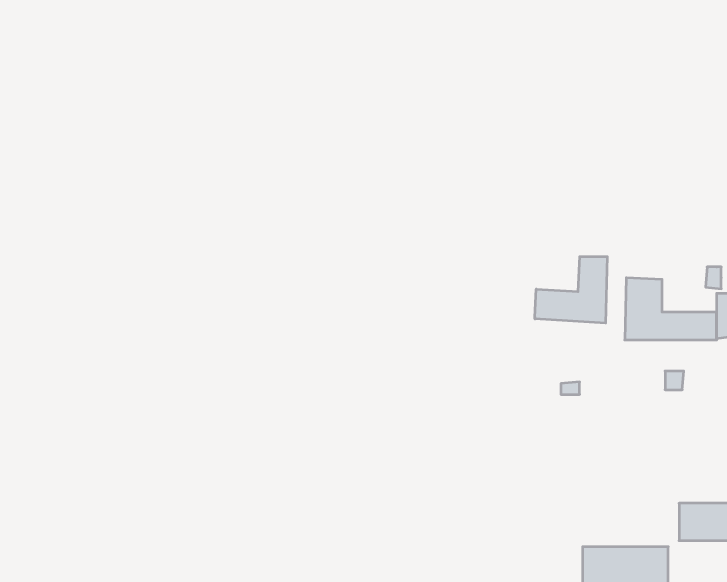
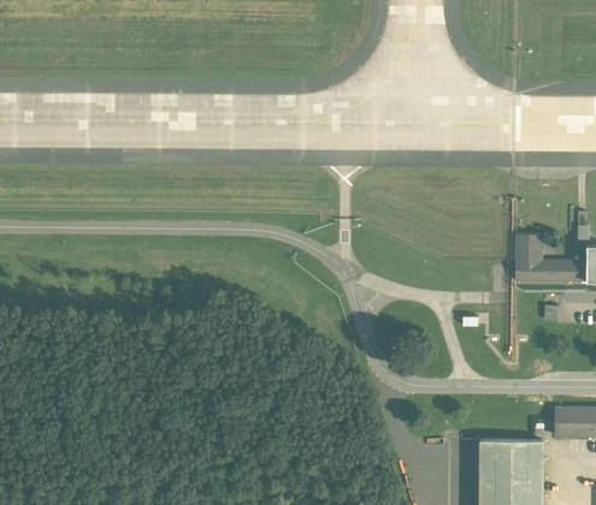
building: [535,257,607,323] -> none

